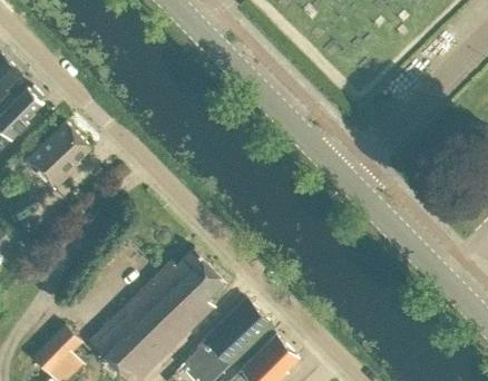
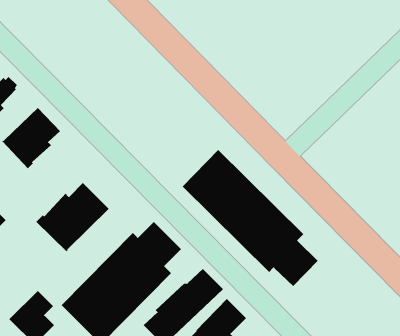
building: none -> [182,149,319,287]
building: none -> [35,182,109,252]

